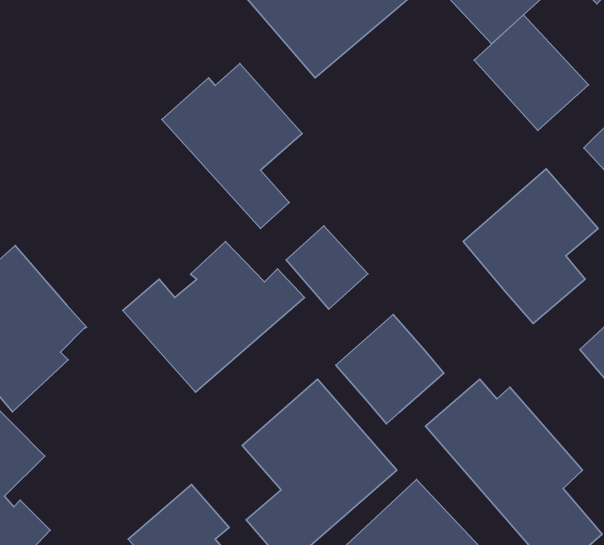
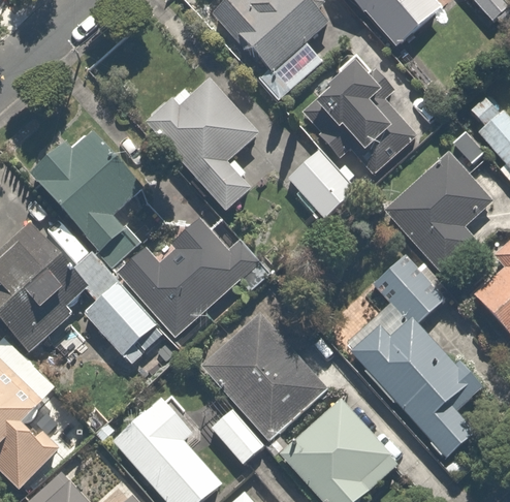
building: [474,15,588,130] -> [326,80,417,171]
building: none -> [26,124,140,263]
building: [286,226,368,309] -> [286,145,351,211]
building: none -> [69,247,161,358]
building: [336,315,444,424] -> [371,250,456,337]

